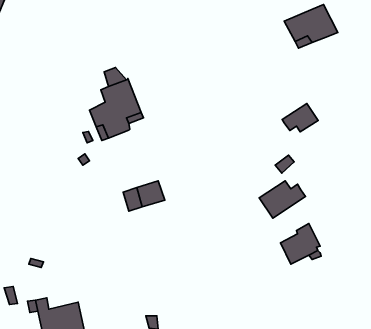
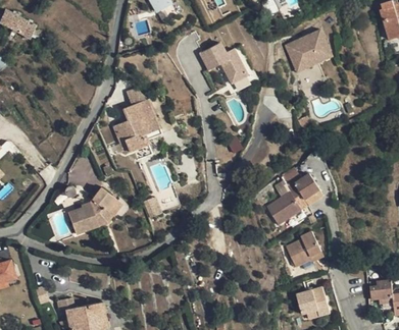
building: none -> [200,42,247,82]
building: [282,104,318,132] -> [288,173,320,199]
building: none -> [67,187,120,233]
building: none -> [297,287,327,317]

